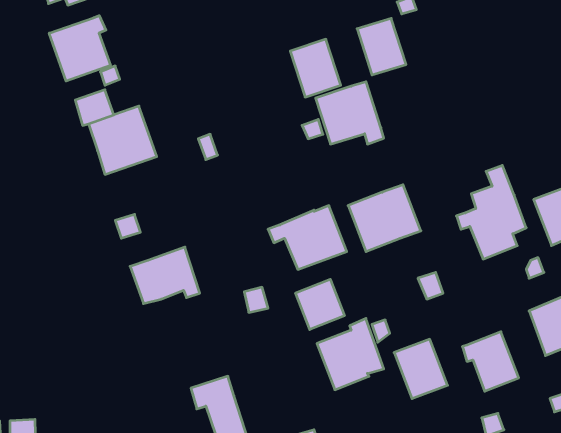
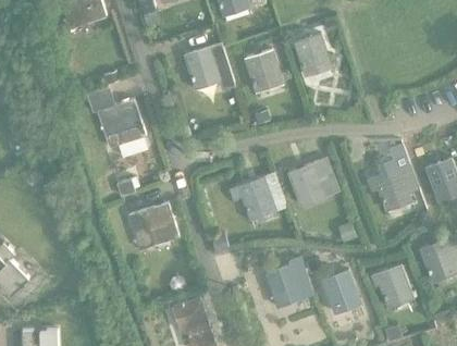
building: [49,16,110,81] -> none
building: [316,82,384,144] -> [184,44,234,89]
building: [296,279,344,330] -> none

